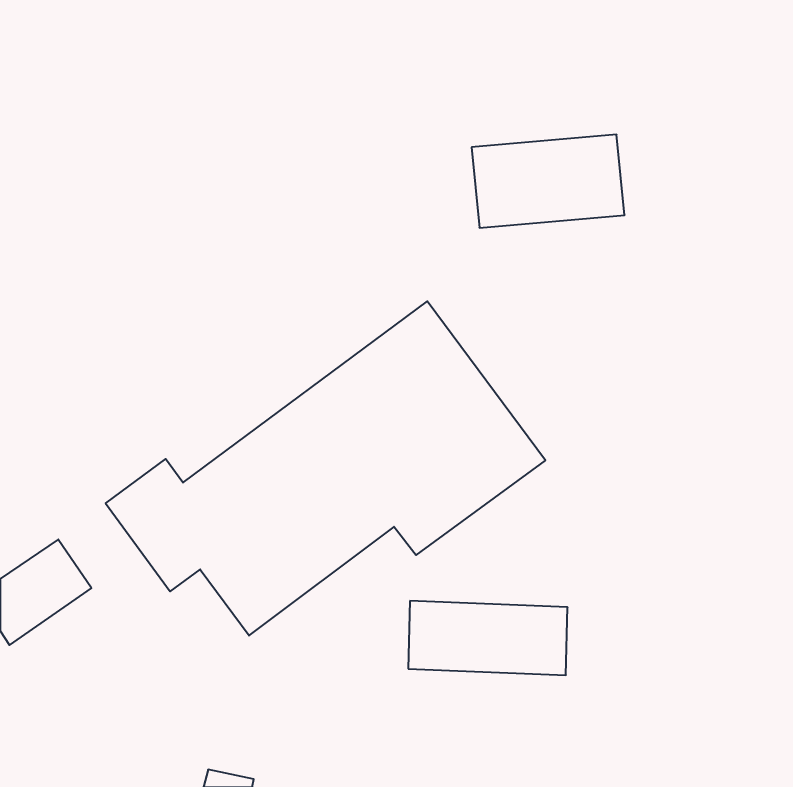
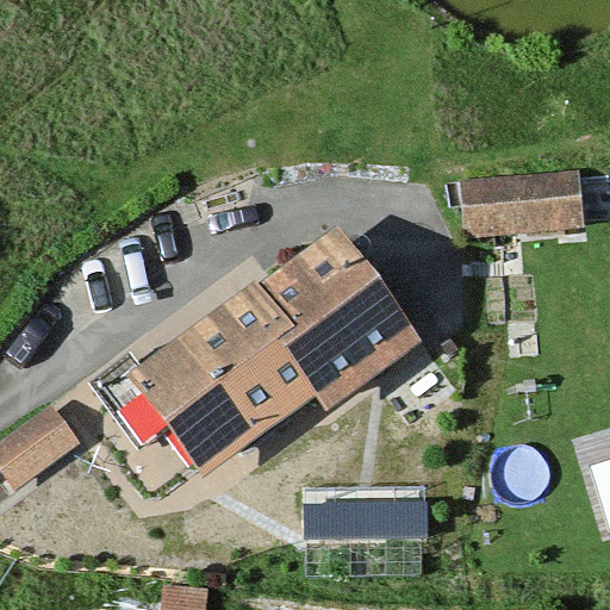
building: [472,135,625,228] -> [463,164,579,235]

